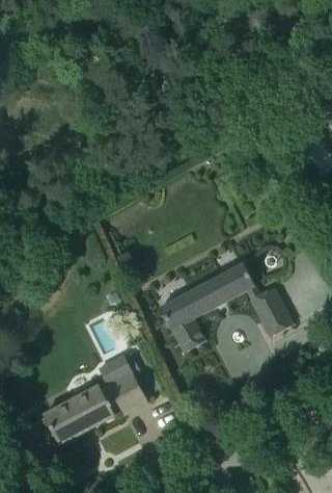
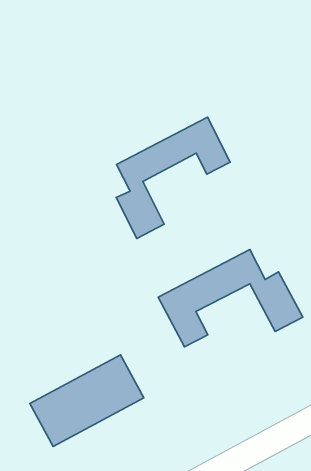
building: none -> [116,117,230,238]

